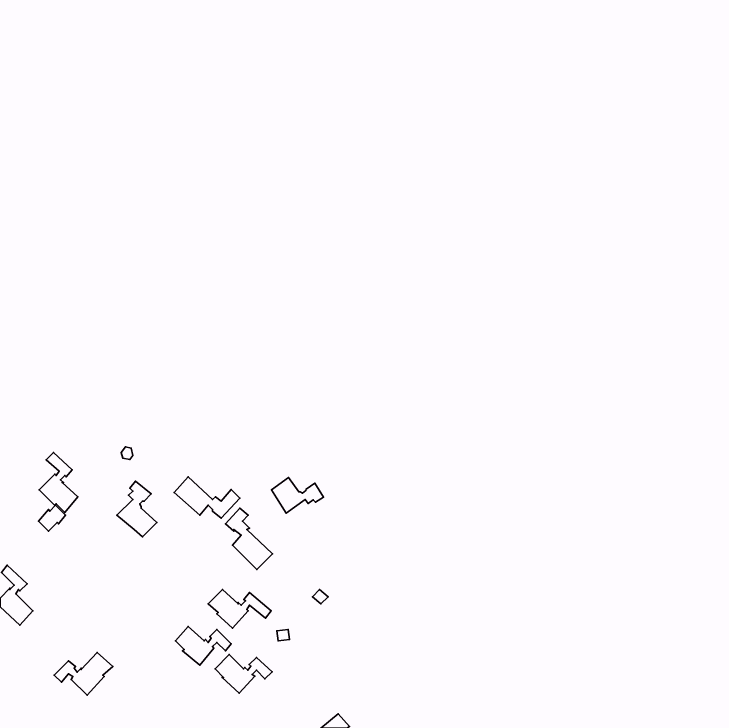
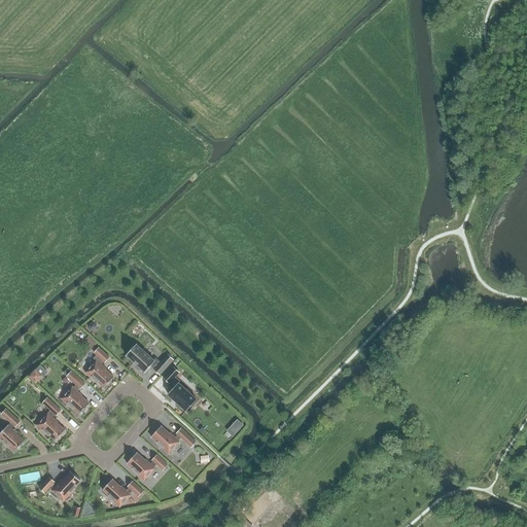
building: [39,453,78,513] -> [61,371,89,414]
building: [272,477,324,513] -> none
building: none -> [36,397,65,441]
building: [215,655,272,693] -> [102,479,143,506]

